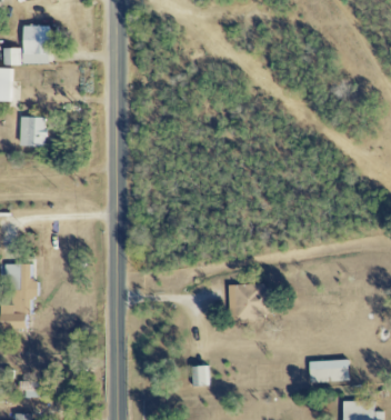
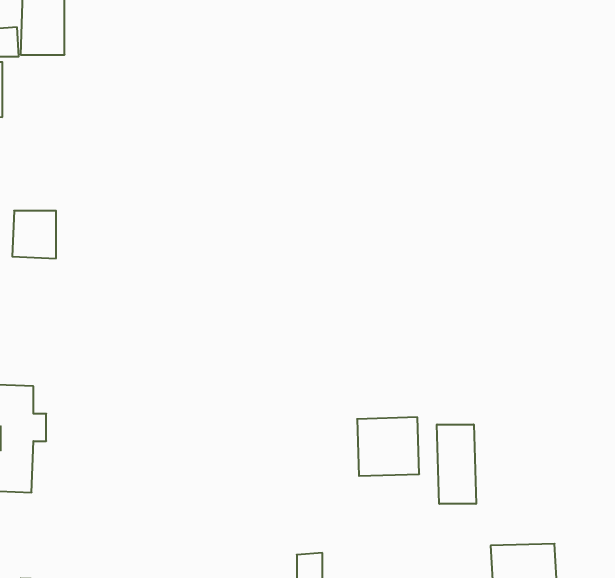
building: [20,117,47,146] -> [12,211,56,258]
building: none -> [437,424,476,504]

